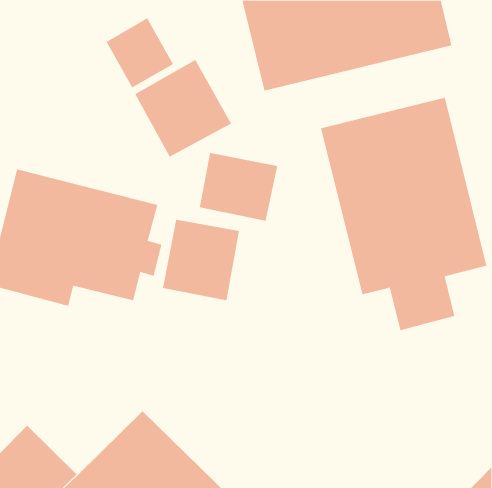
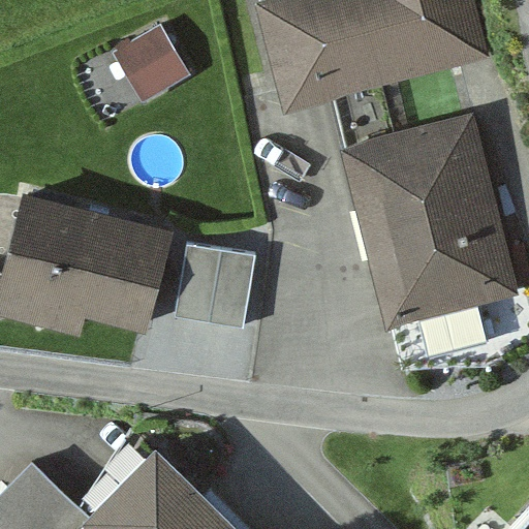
building: [135,59,232,158] -> none
building: [199,152,278,221] -> none

